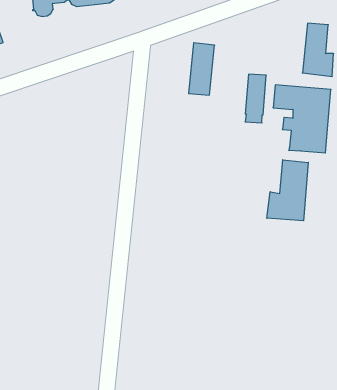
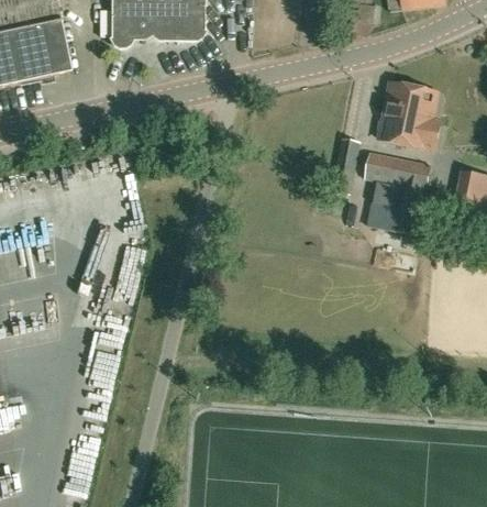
building: [189,43,215,95] -> [378,81,413,142]
building: [267,160,308,221] -> none

